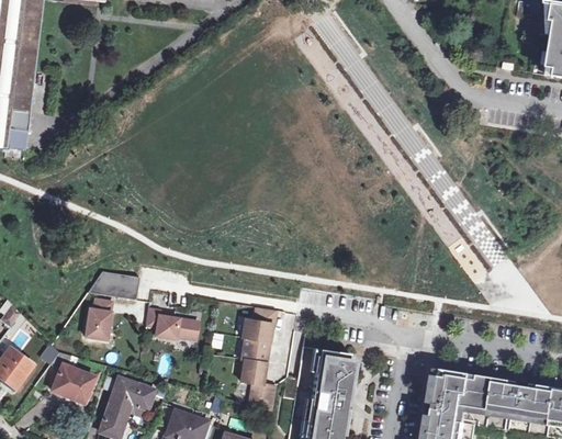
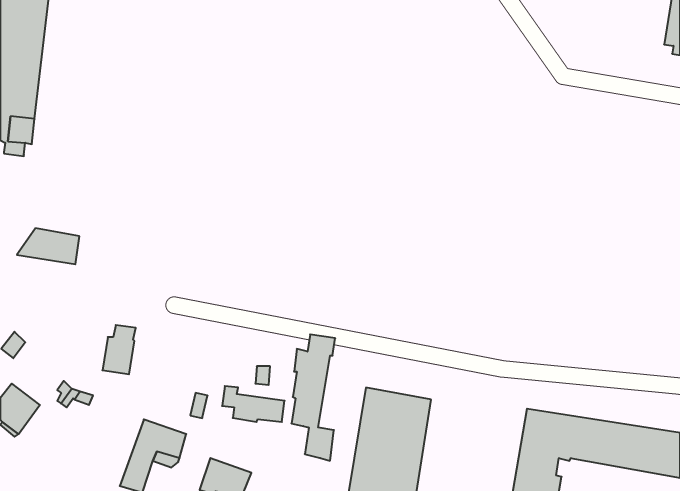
building: [87,271,138,301] -> [17,228,79,264]
building: [146,309,198,339] -> [222,386,285,422]
building: [50,364,93,401] -> none

